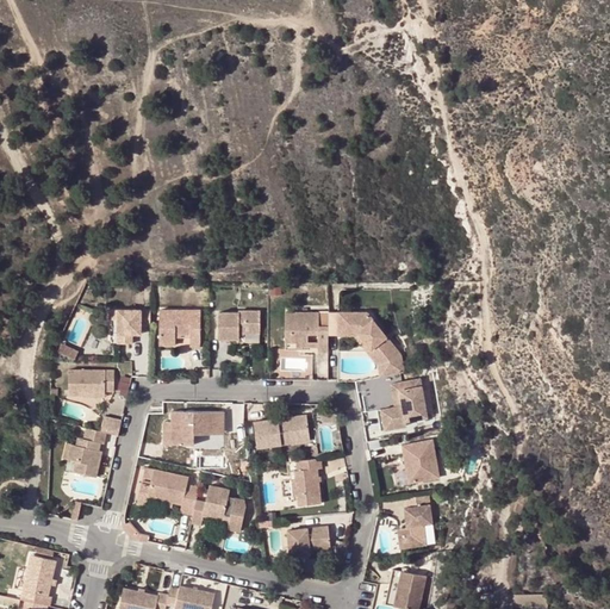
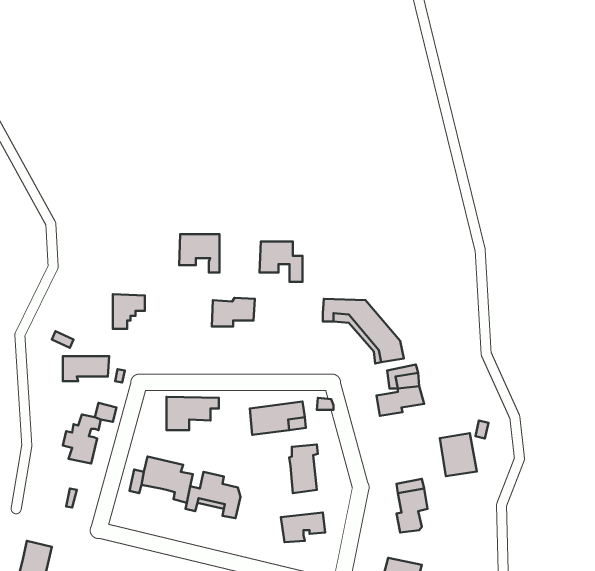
building: [158,309,199,347] -> [179,234,220,272]
building: [285,312,328,353] -> [260,241,302,282]
building: [403,440,440,483] -> [440,433,477,476]

